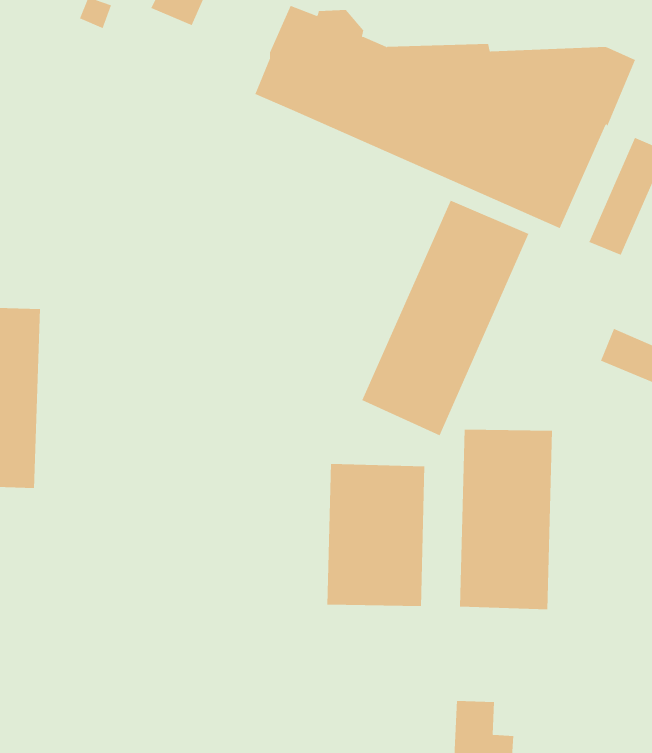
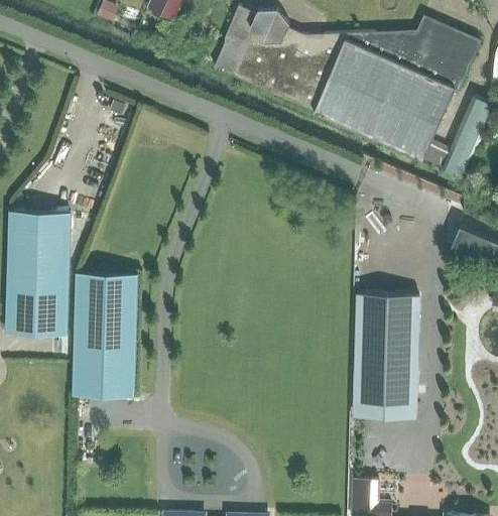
building: [362,200,529,436] -> none
building: none -> [73,273,136,396]
building: [327,463,425,607] -> none

